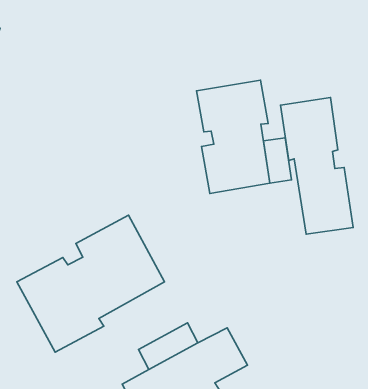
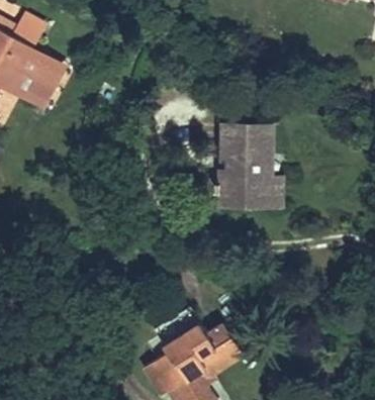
building: [281,98,353,234] -> none
building: [17,215,164,352] -> none

